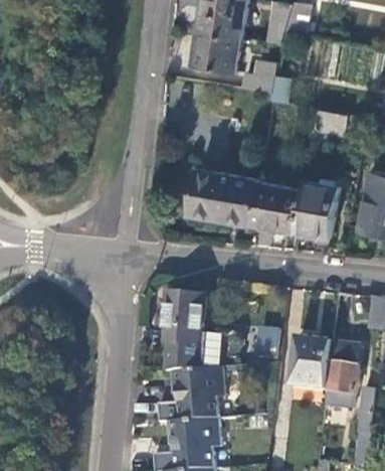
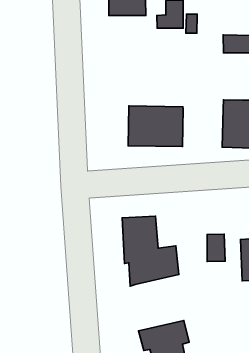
building: [249,182,302,232] -> none
building: [157,365,224,423] -> none

